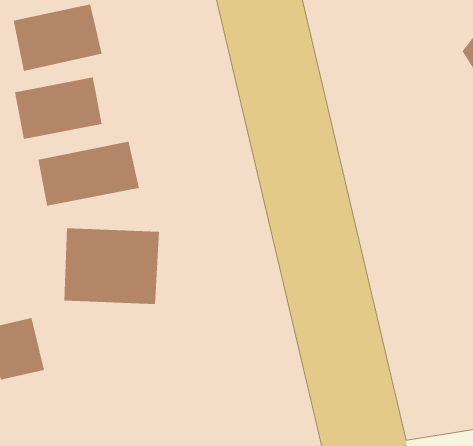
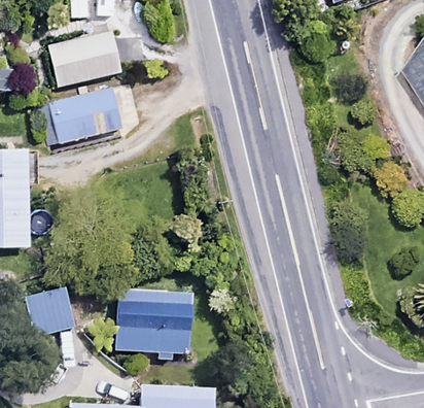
building: [38,141,139,206] -> none
building: [64,228,160,305] -> [113,291,190,352]

